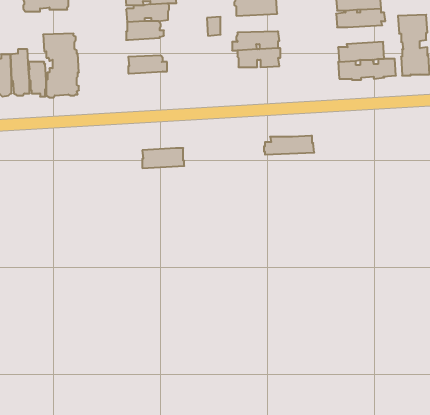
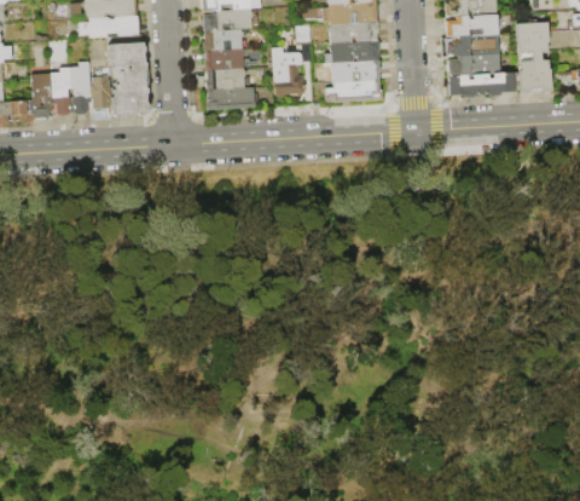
building: none -> [79,15,140,38]
building: none -> [329,19,377,41]
building: none -> [446,33,499,56]
building: none -> [272,46,306,94]
building: none -> [204,47,244,69]
building: [264,136,314,155] -> [325,80,383,102]
building: [142,148,184,168] -> [207,86,255,109]

